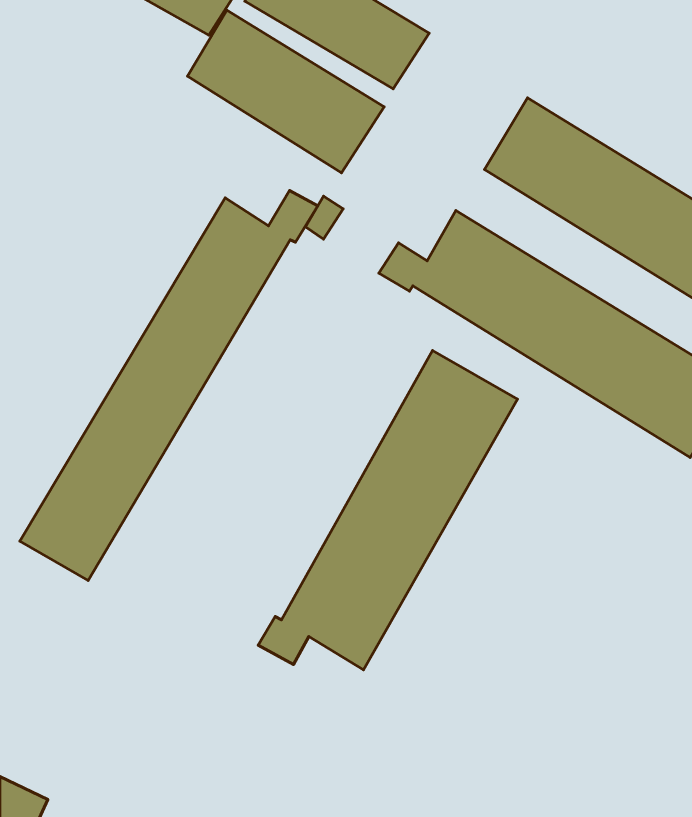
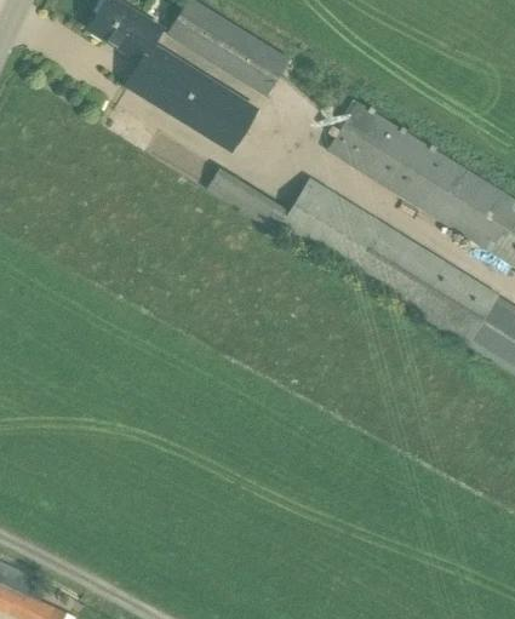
building: [20,190,318,580] -> none
building: [258,351,518,670] -> none

